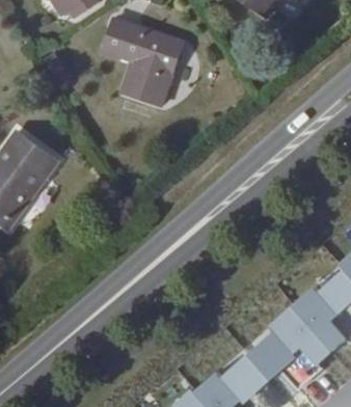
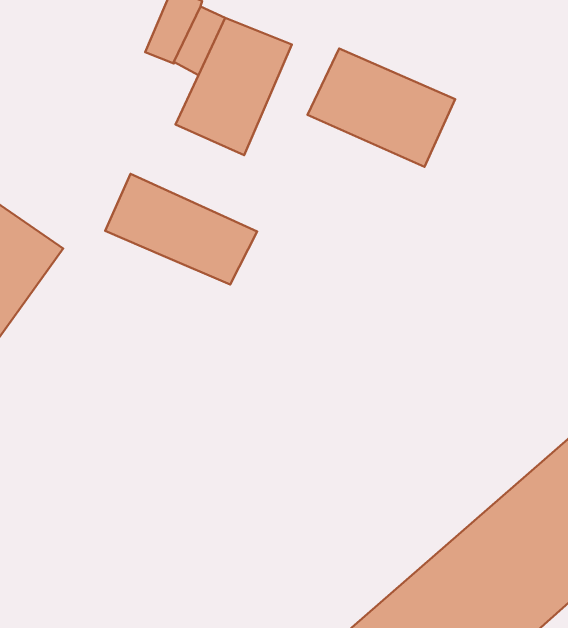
building: none -> [308,48,455,167]
building: none -> [105,174,257,285]

